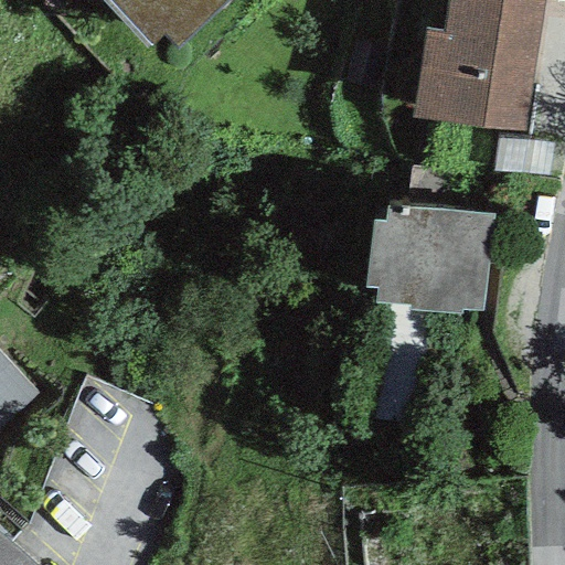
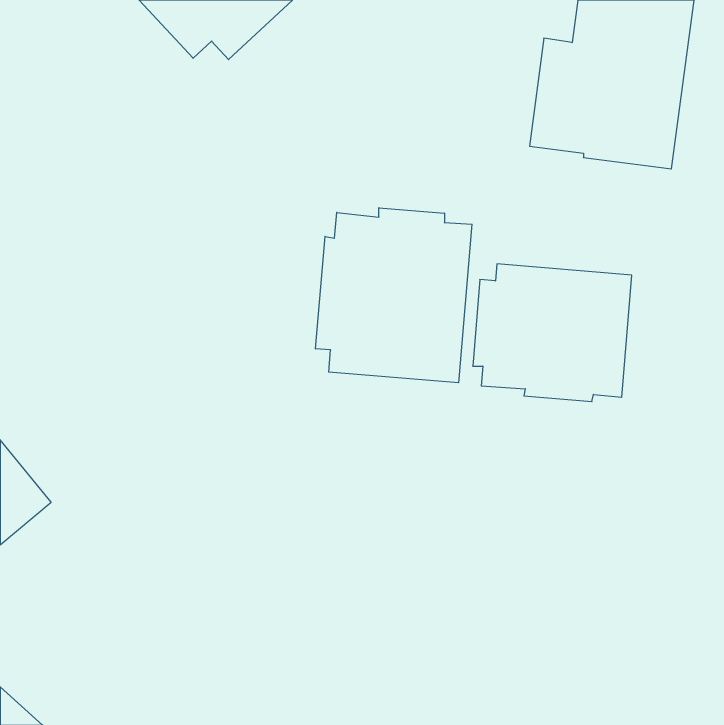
building: none -> [316,208,472,383]

